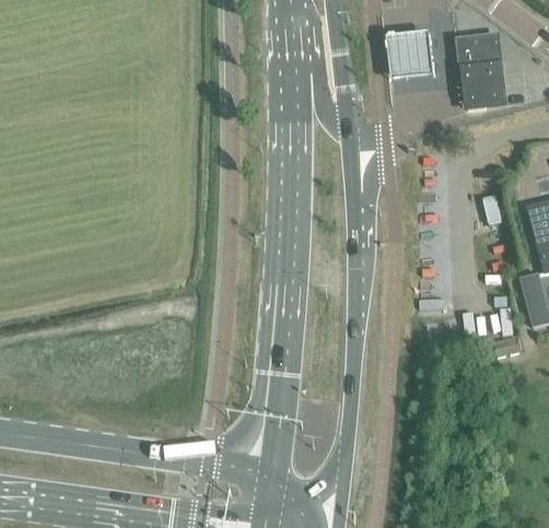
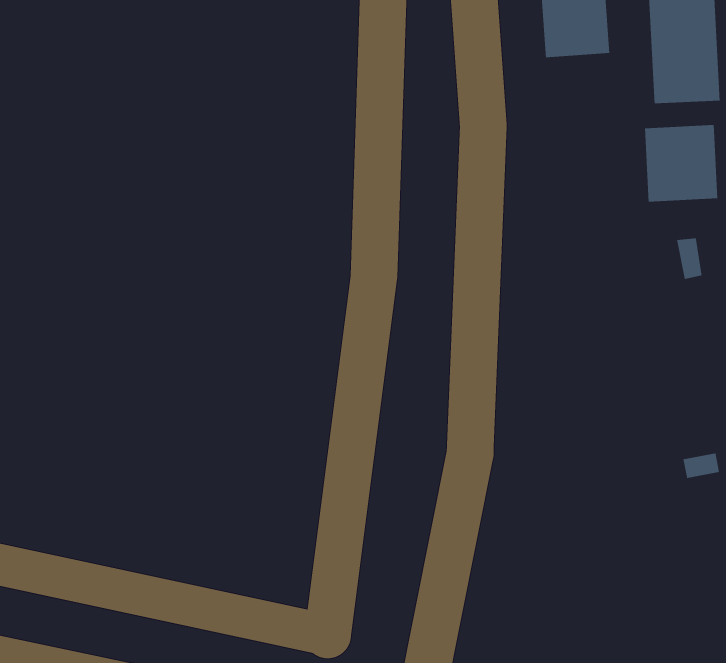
building: none -> [644,124,718,202]

